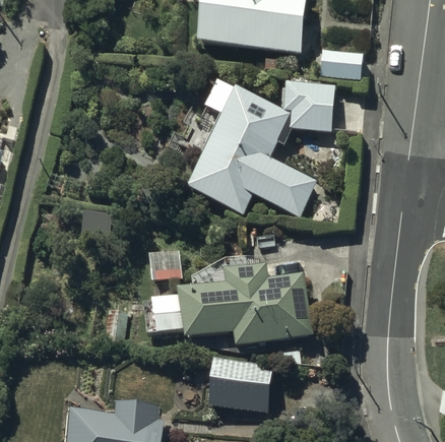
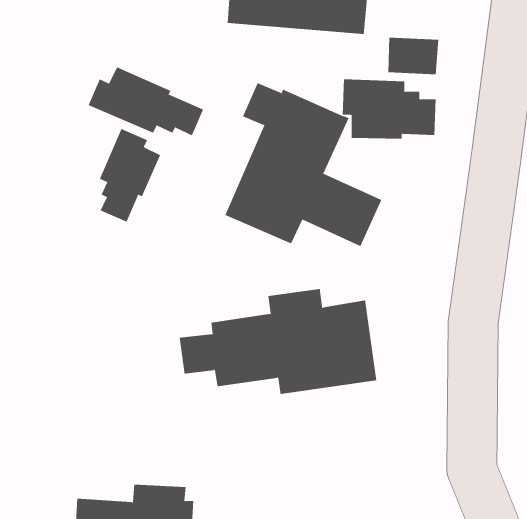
building: none -> [88,67,204,136]
building: none -> [99,128,161,223]
building: [204,348,272,403] -> none

